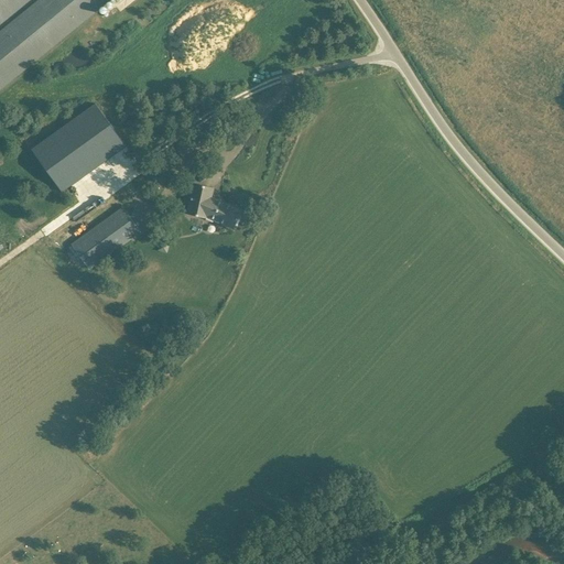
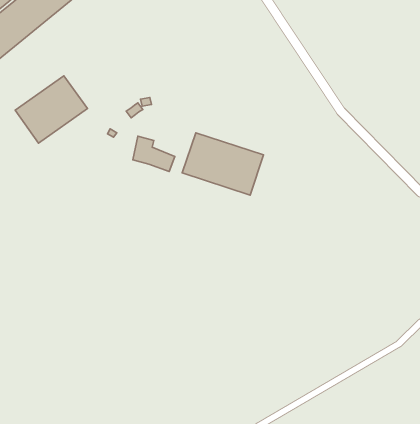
building: none -> [182,133,264,195]
building: [69,205,140,269] -> none

